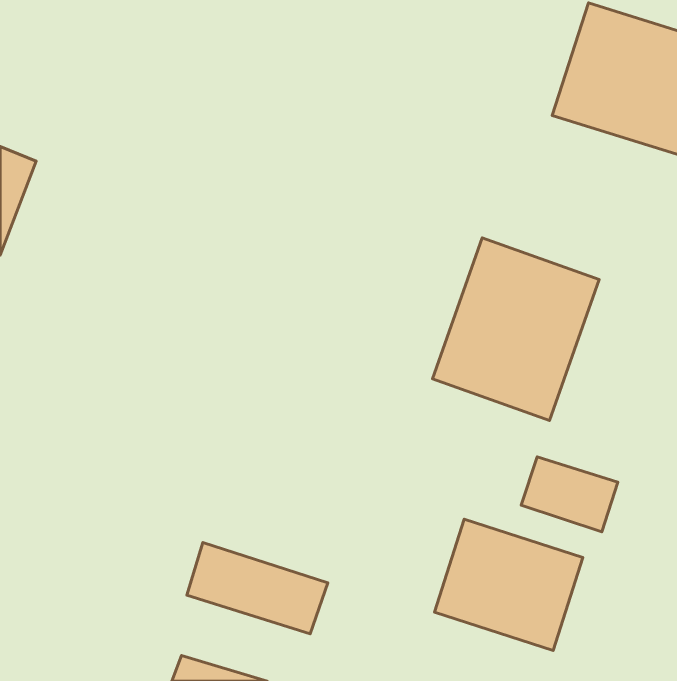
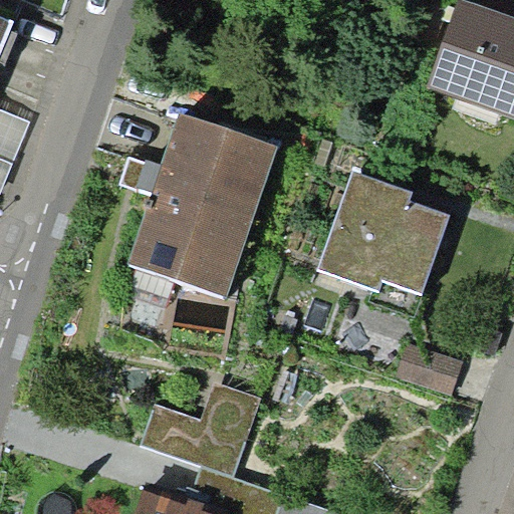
building: none -> [127,113,269,291]
building: [434,519,583,651] -> none

